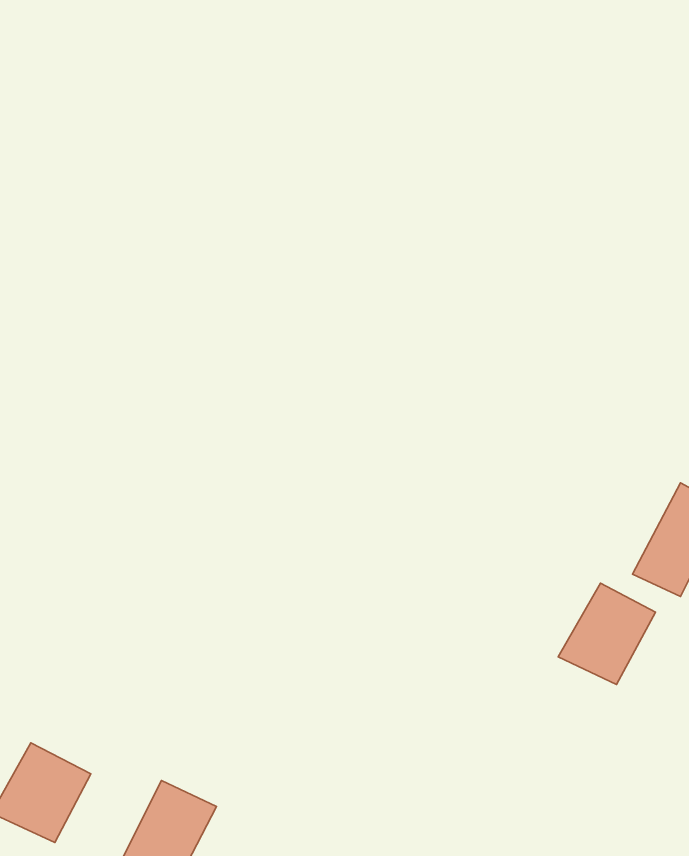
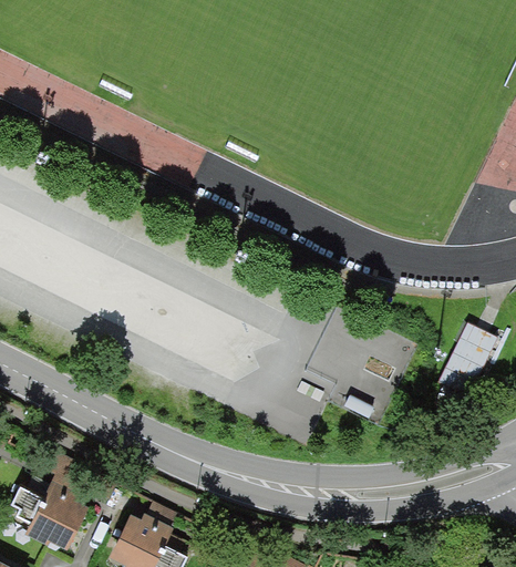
building: [558,583,655,685] -> none

